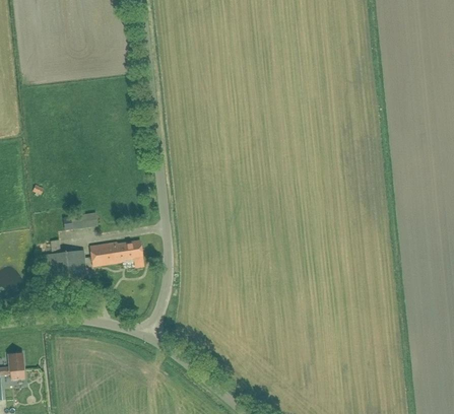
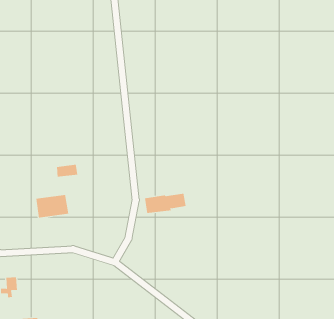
building: [90,239,143,265] -> [144,193,187,214]

